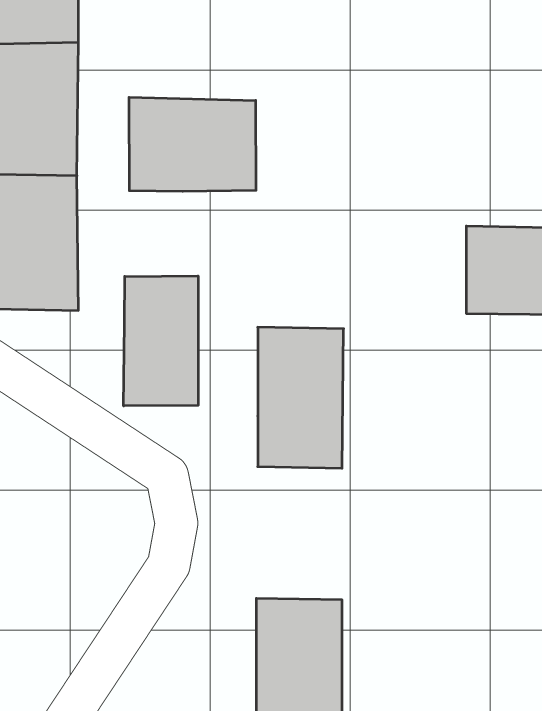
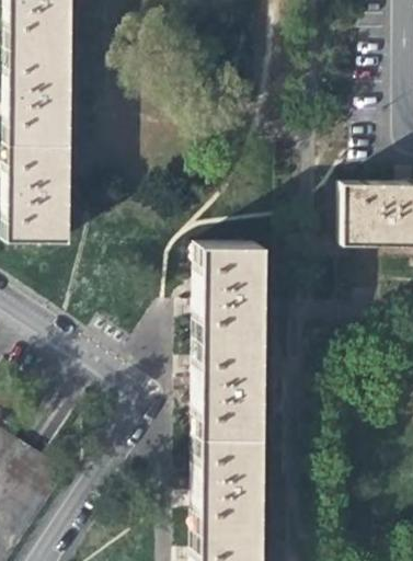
building: [129,97,256,191] -> none
building: [124,276,198,406] -> none
building: none -> [198,353,260,448]

